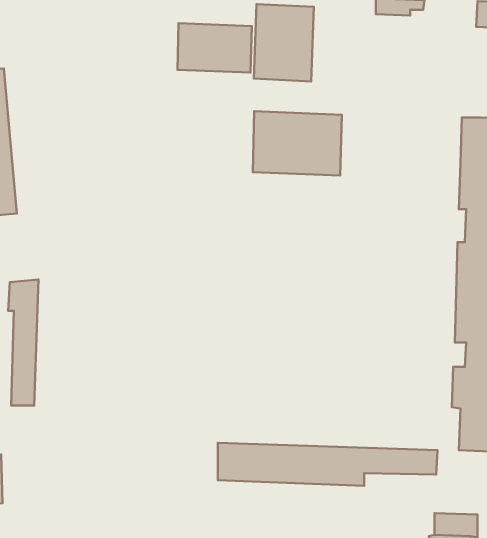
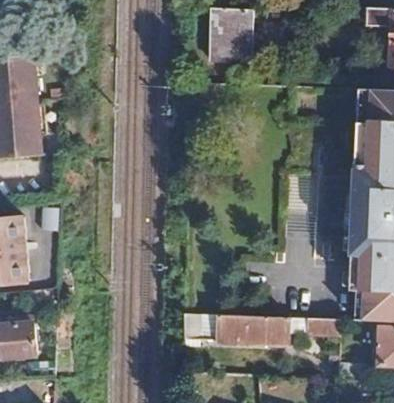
building: [177,23,252,73] -> none
building: [253,111,342,175] -> none

